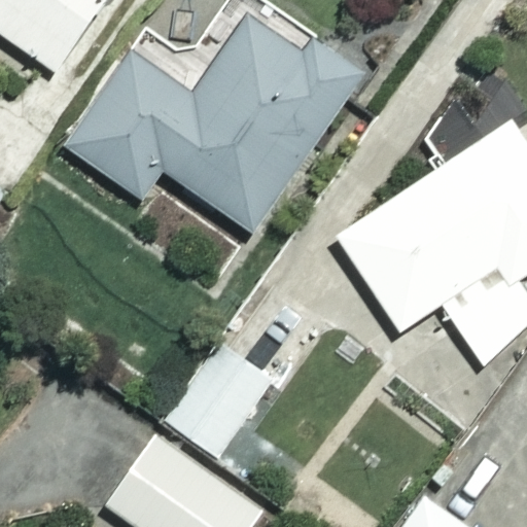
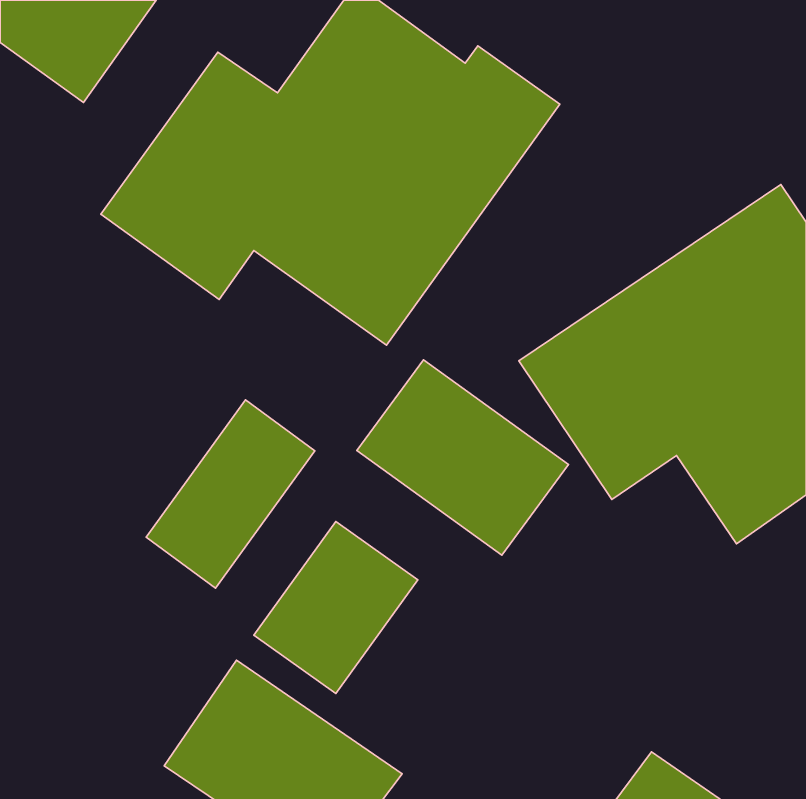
building: none -> [357,360,568,555]
building: none -> [146,400,315,588]

